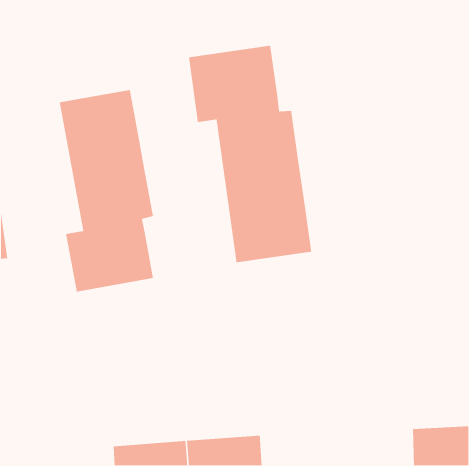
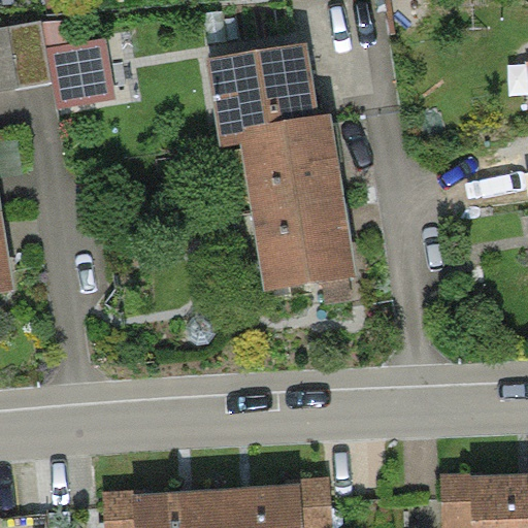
building: none -> [52,24,124,97]
building: [59,89,154,293] -> none

